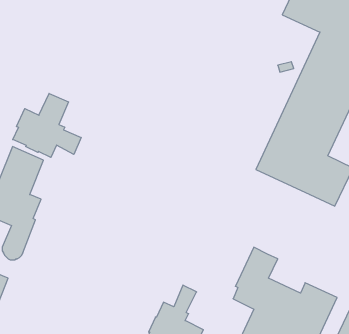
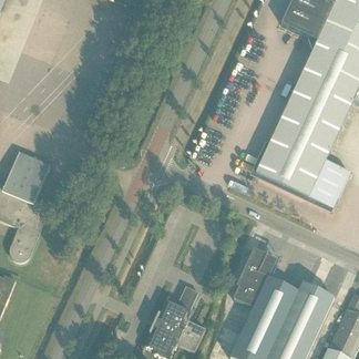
building: [13,93,81,157] -> none

